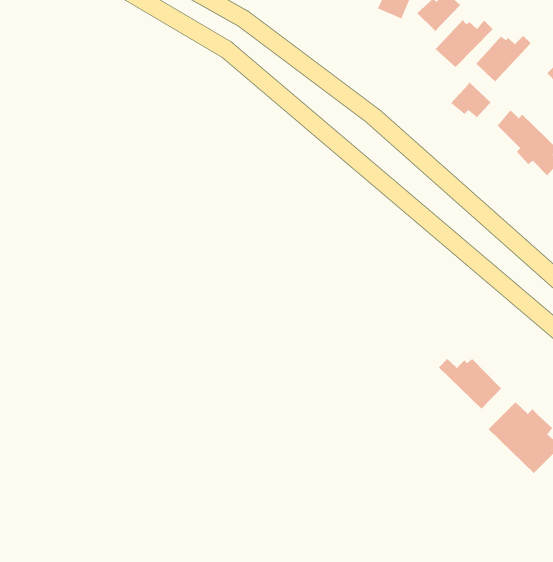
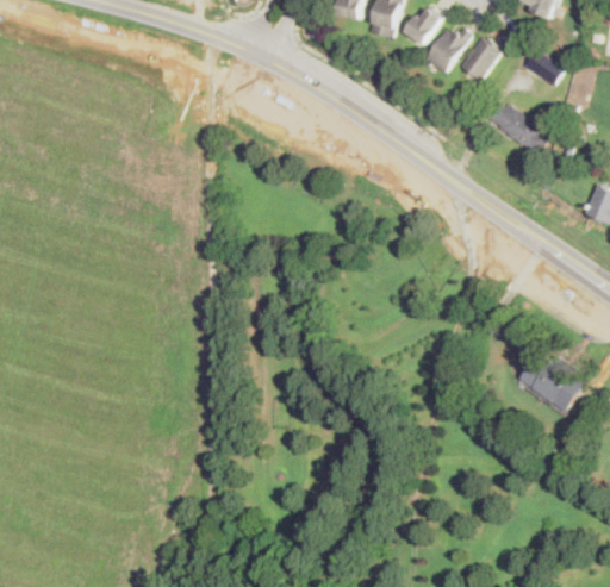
building: [450,81,492,118] -> none
building: [438,358,502,409] -> none

